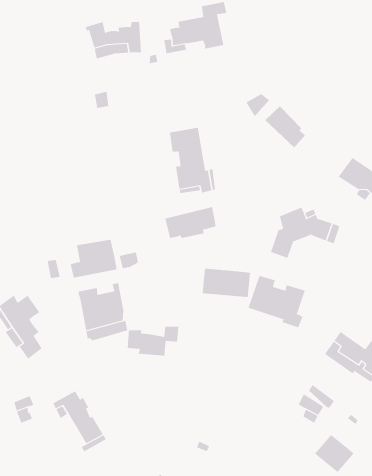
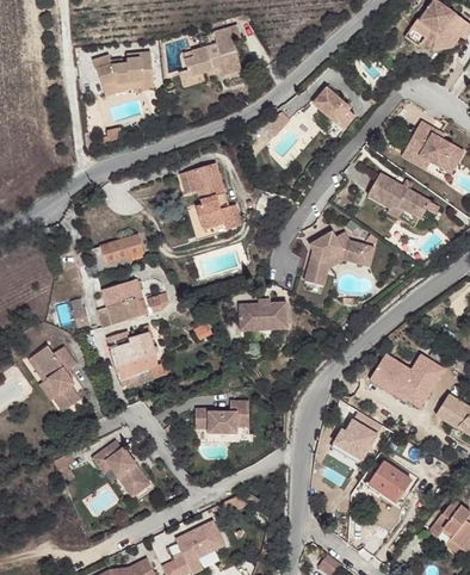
building: [265,106,306,148] -> [311,88,355,131]
building: [164,207,217,239] -> [89,233,144,270]
building: [248,275,306,328] -> none
building: [127,326,179,356] -> [196,401,248,433]

